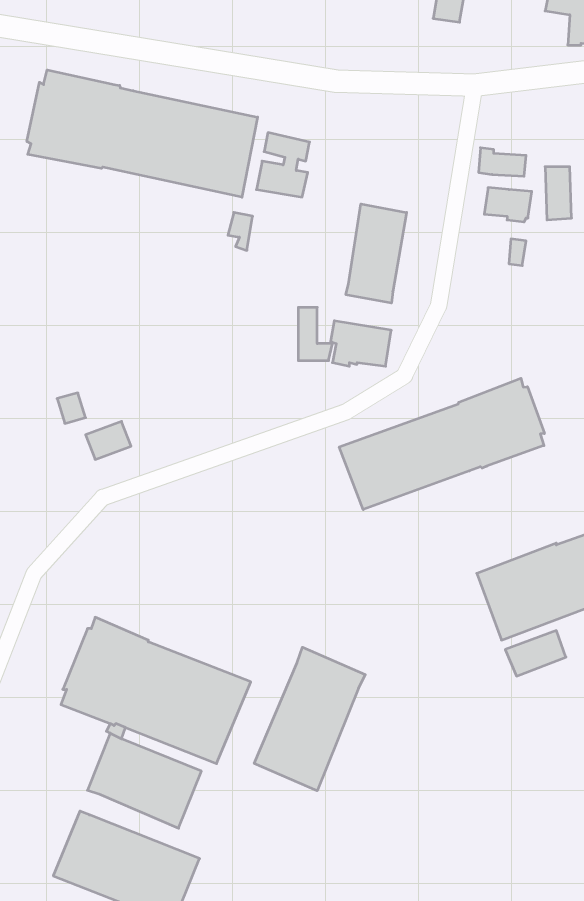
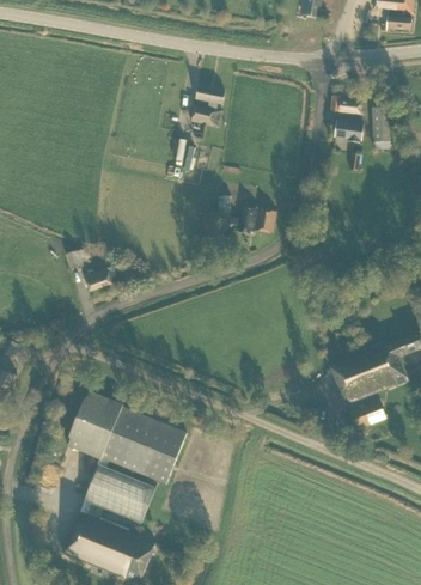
building: [27,70,258,197] -> none
building: [346,204,407,303] -> none
building: [339,378,544,510] -> none
building: [254,647,365,791] -> none

